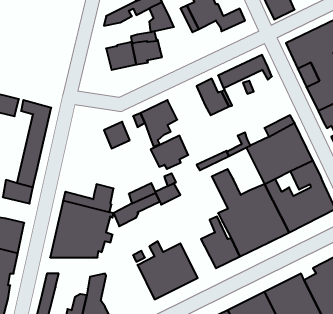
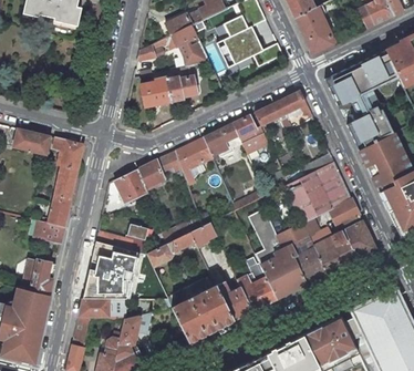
building: none -> [107,168,147,200]
building: [151,136,188,169] -> [204,123,242,157]
building: none -> [217,281,253,320]
building: none -> [80,299,127,319]

